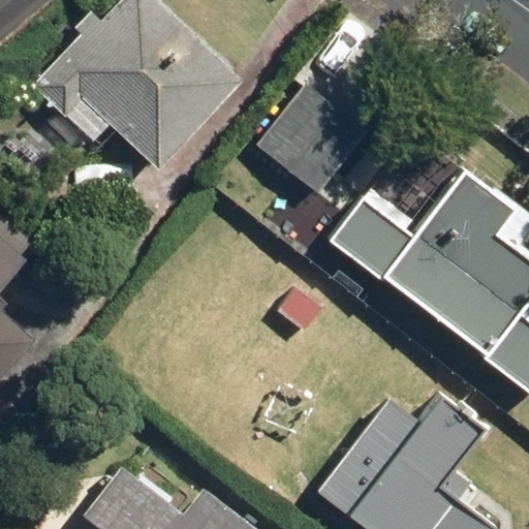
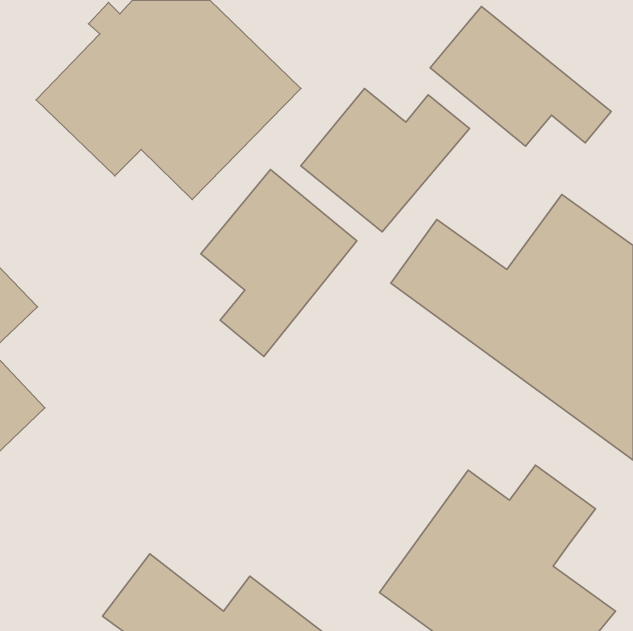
building: none -> [430,7,611,146]
building: none -> [201,169,357,356]

